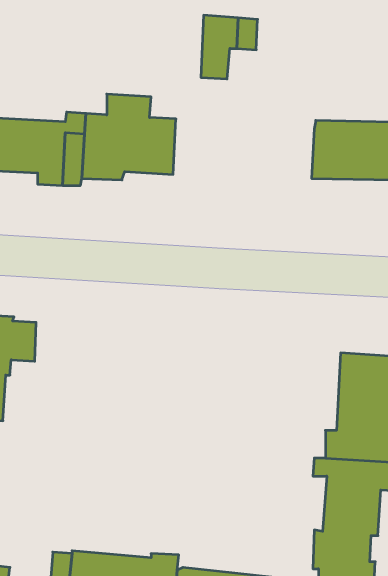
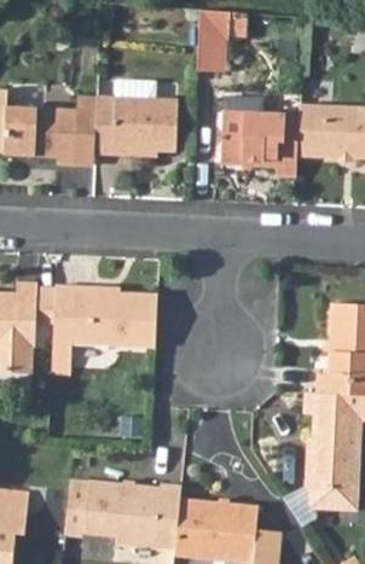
building: none -> [219,109,297,176]
building: none -> [51,280,156,368]

